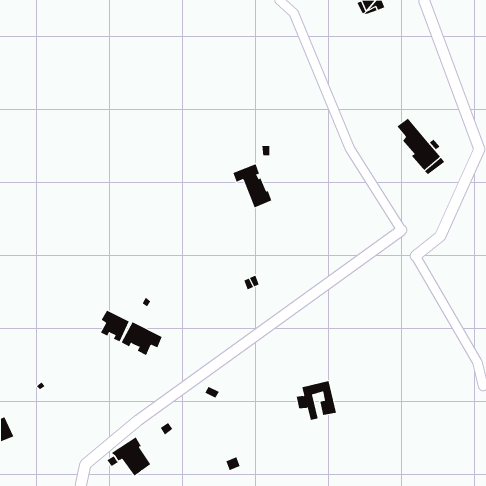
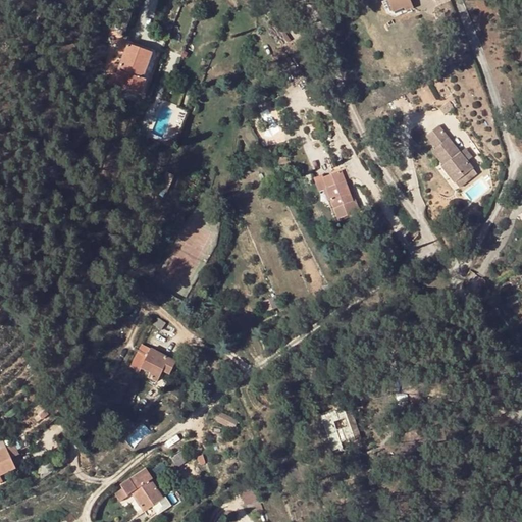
building: none -> [113,43,151,93]
building: [232,163,272,208] -> [315,169,358,217]
building: [100,310,130,342] -> none

